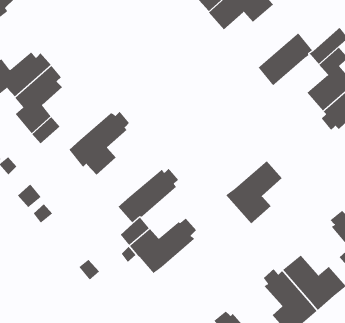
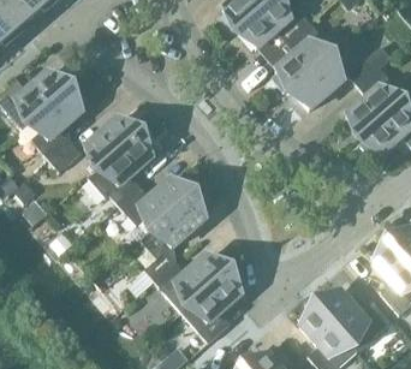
building: none -> [272,19,335,88]
building: none -> [83,115,135,165]
building: none -> [118,174,190,226]
building: [226,160,283,224] -> [179,272,240,340]

